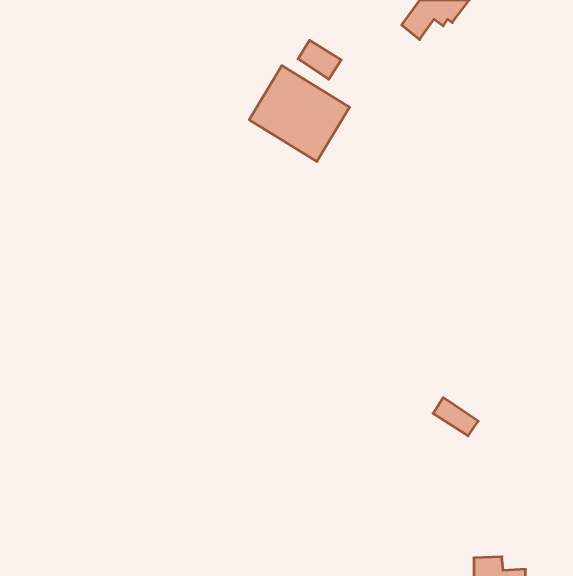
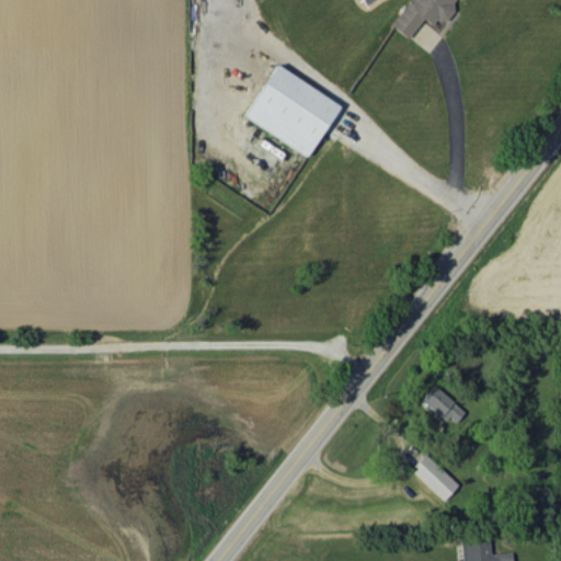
building: [298,40,341,79] -> none
building: none -> [412,455,459,501]

